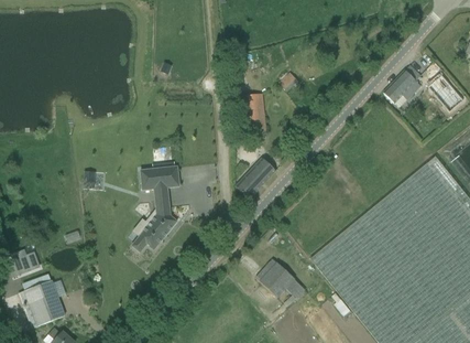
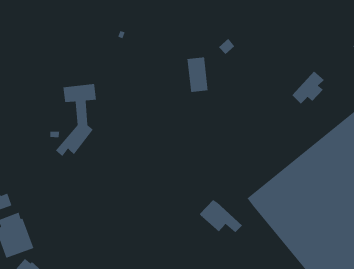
building: [383,64,422,104] -> [291,70,325,105]
building: [234,158,275,199] -> none
building: [131,167,179,253] -> [55,83,97,157]

